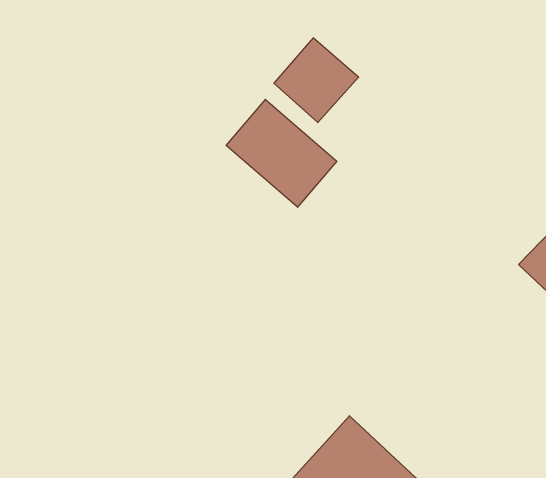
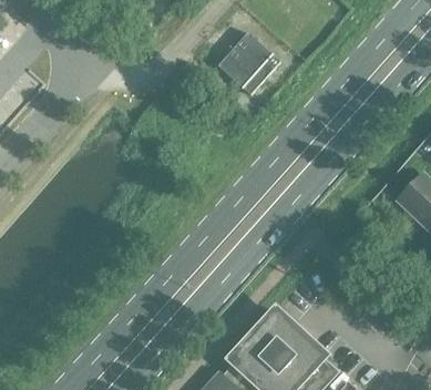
building: [226,99,337,207] -> none

